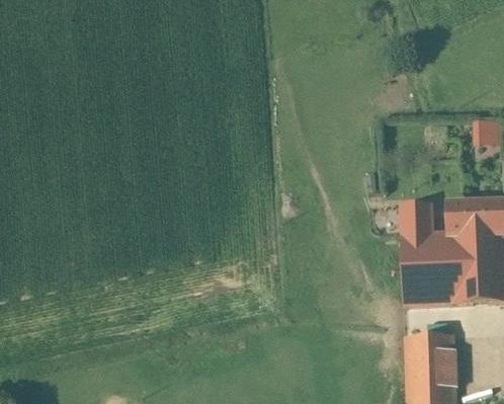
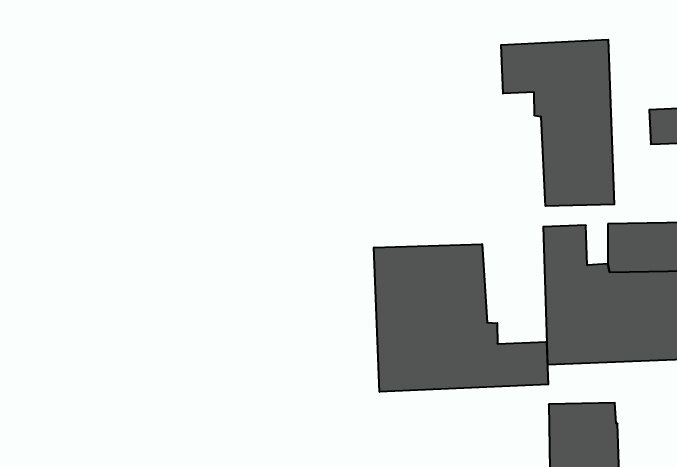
building: none -> [501,40,614,206]
building: none -> [374,244,548,392]

